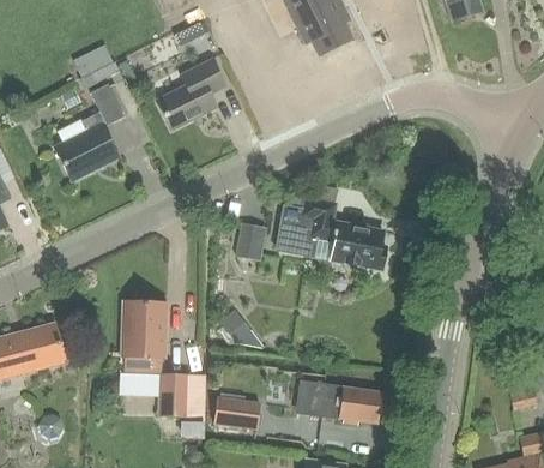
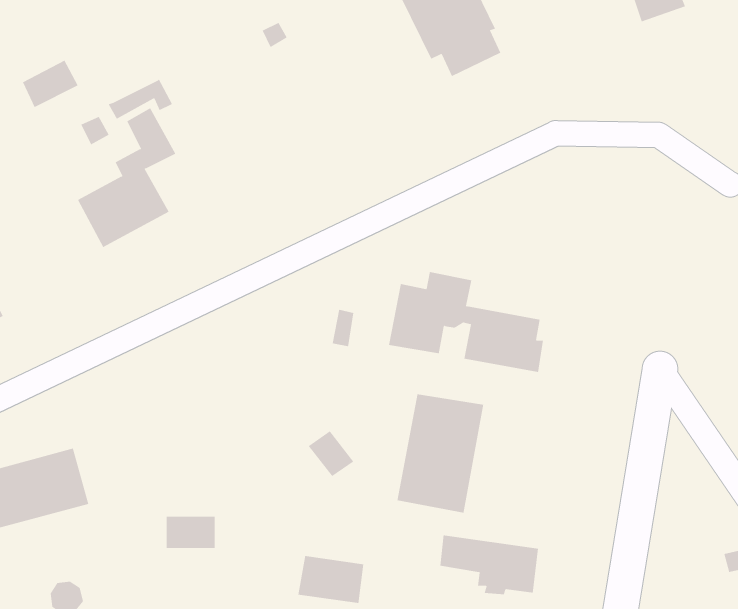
building: [74,44,114,78] -> [22,60,79,108]
building: [159,58,229,128] -> none
building: none -> [397,394,484,513]
building: [122,300,168,356] -> none
building: [157,374,189,418] -> none

